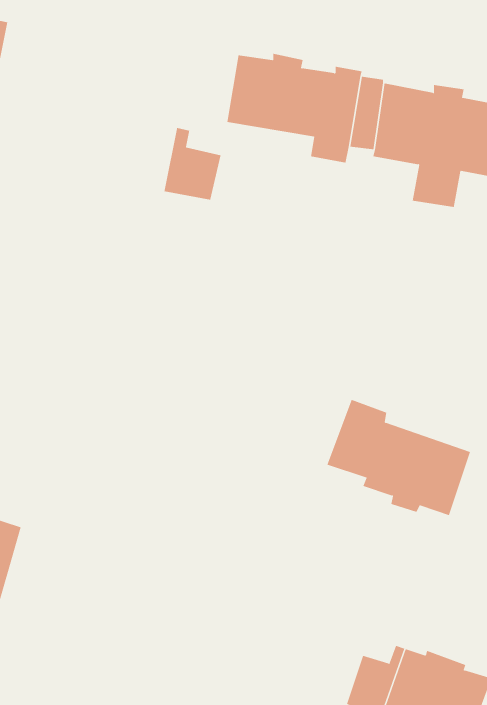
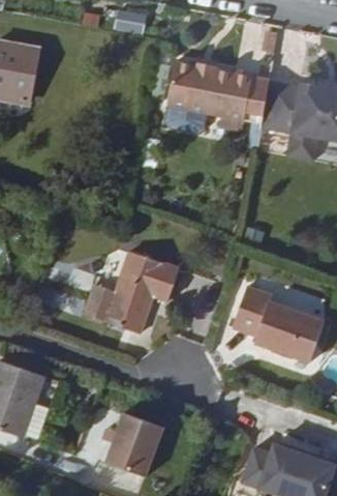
building: [164,127,221,200] -> none
building: none -> [105,249,179,331]
building: none -> [112,408,167,471]

